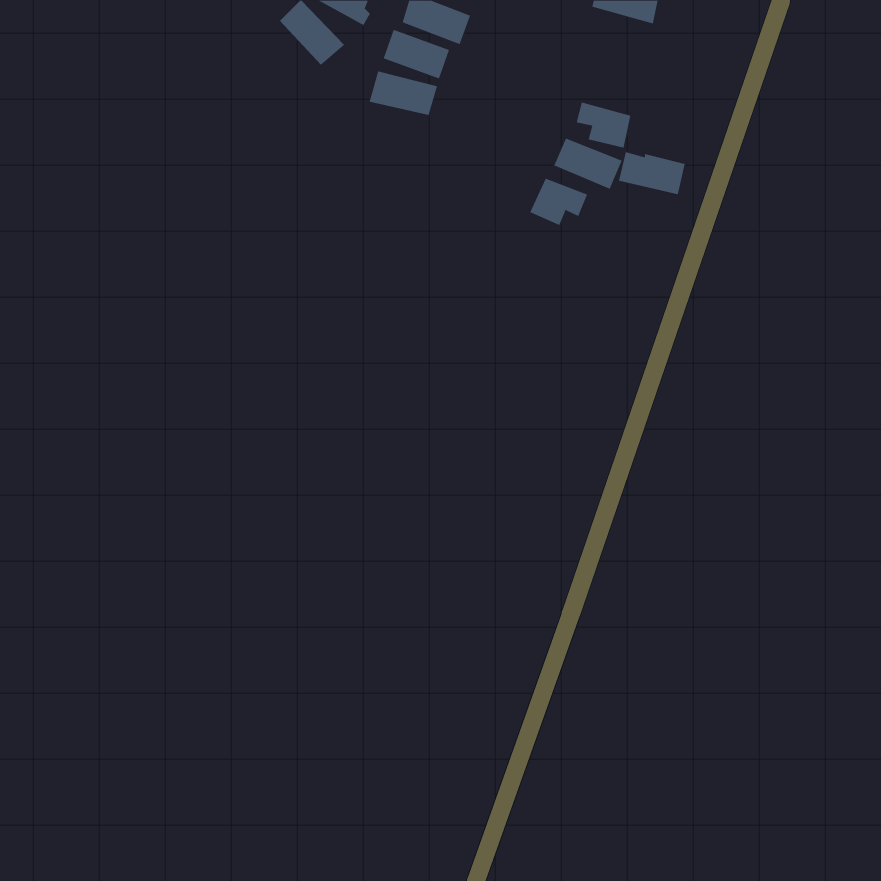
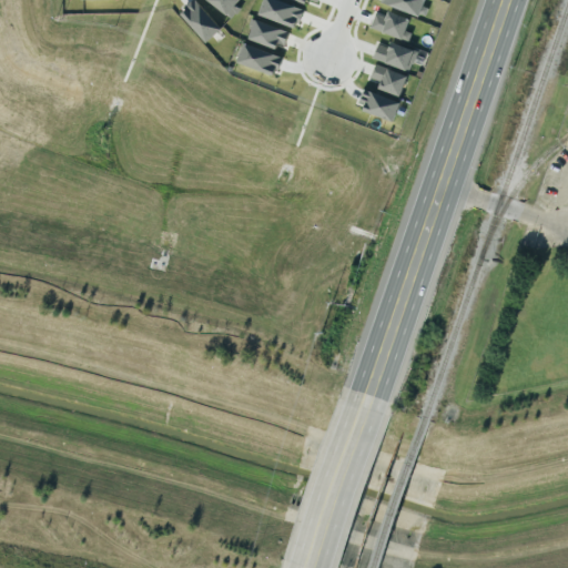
building: none -> [371,11,410,42]
building: [618,152,685,195] -> [373,42,416,70]
building: [529,178,588,226] -> none

